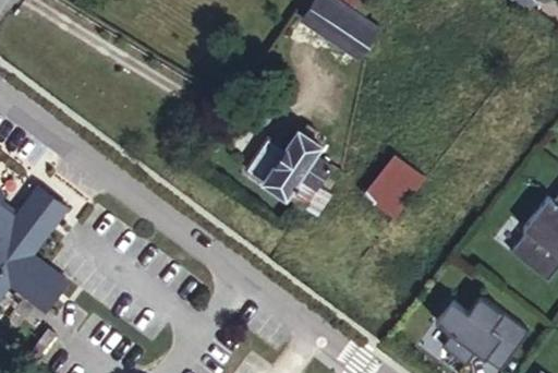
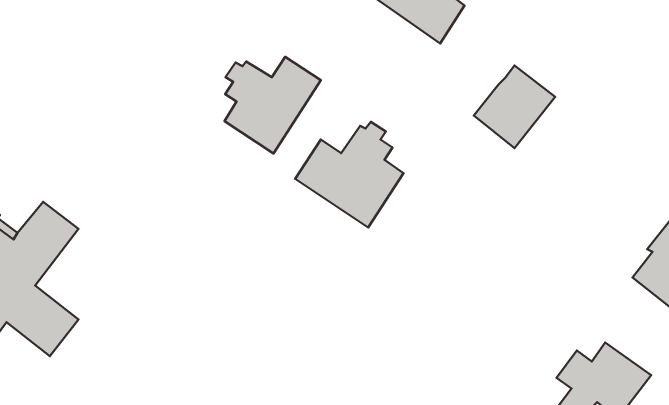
building: none -> [224,57,321,154]
building: [362,155,427,221] -> [474,66,555,148]

